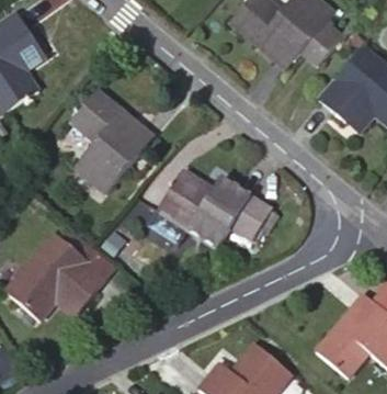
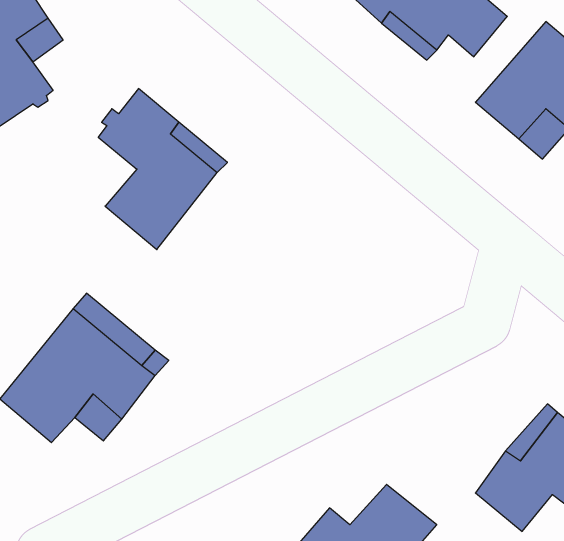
building: [157,171,271,246] -> none

